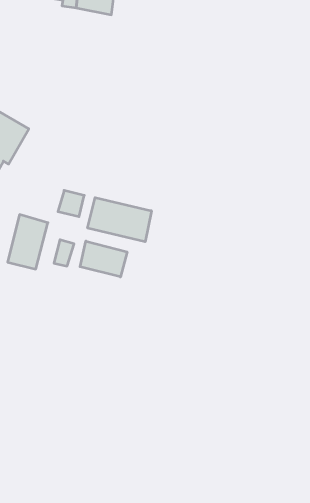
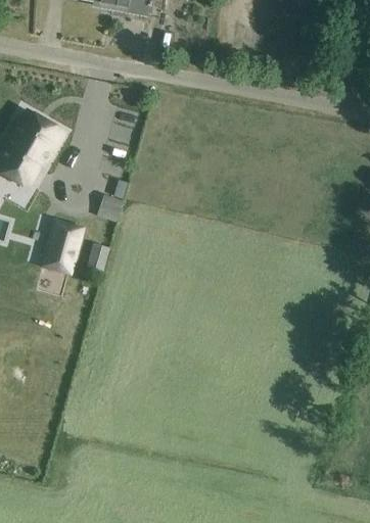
building: [88,198,151,242] -> none
building: [80,241,127,277] -> none

